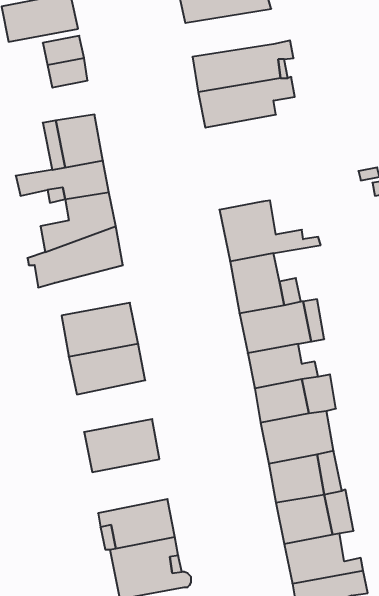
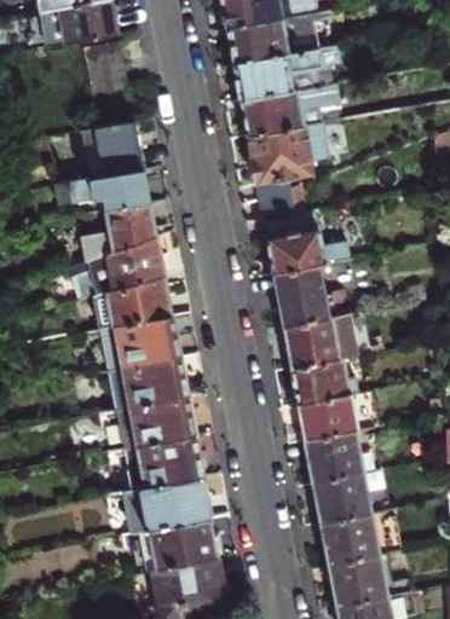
building: none -> [227,11,330,63]
building: none -> [248,122,328,220]
building: none -> [93,277,171,329]
building: none -> [116,395,194,449]
building: none -> [123,476,209,533]

